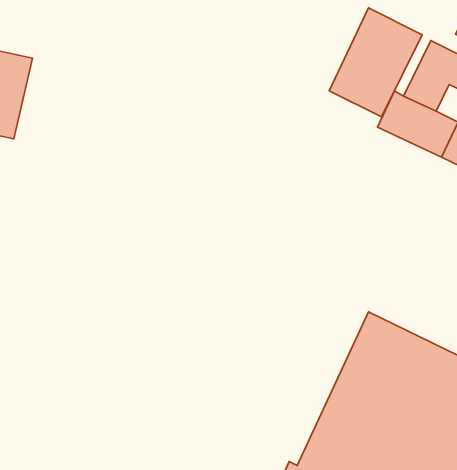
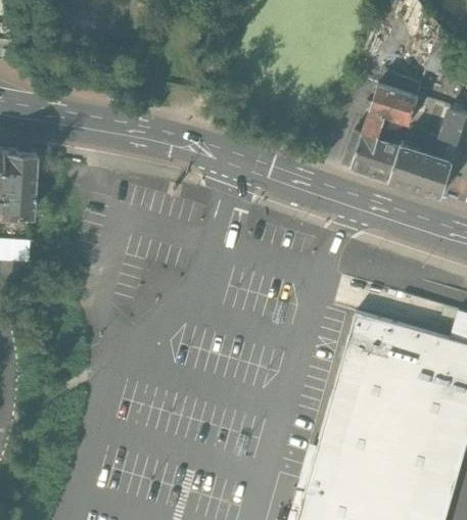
building: [329,8,422,117] -> none

